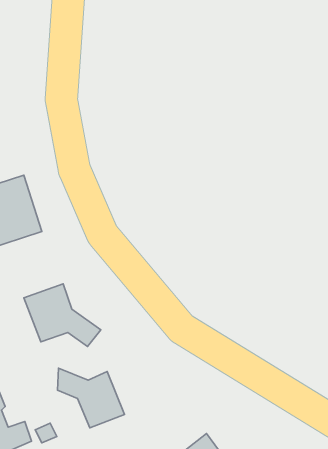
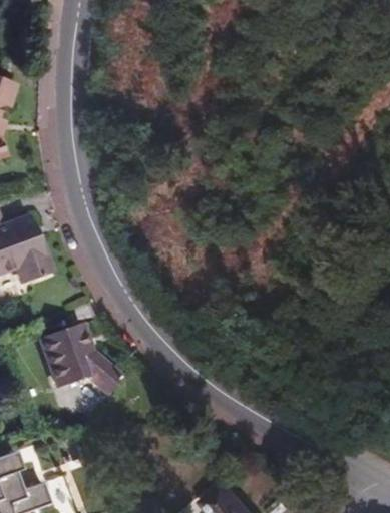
building: [58,368,124,428] -> none

